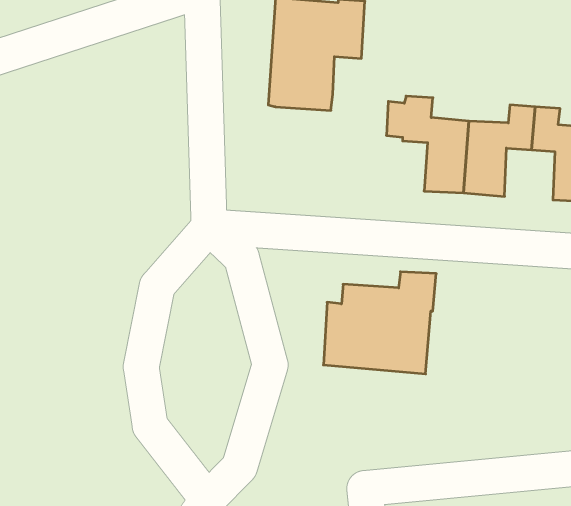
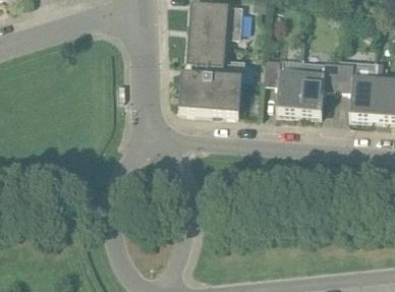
building: [323,272,436,374] -> [181,56,245,114]

